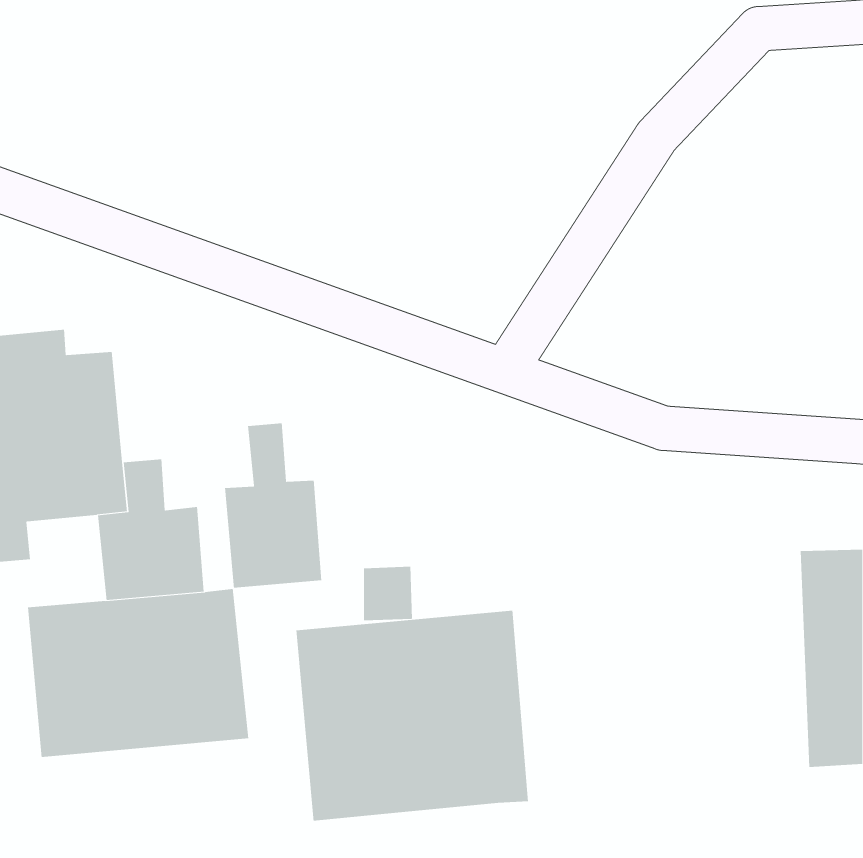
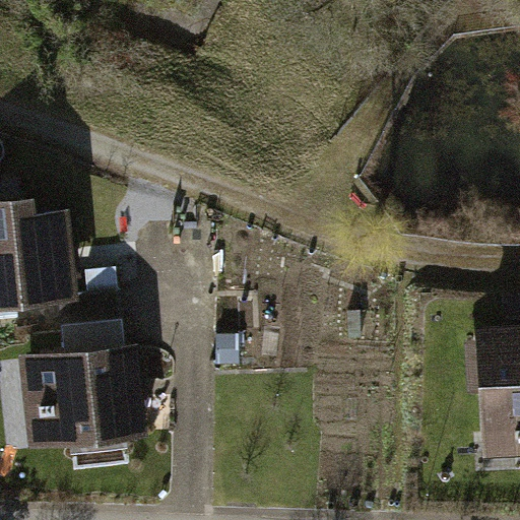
building: [224,423,322,588] -> none
building: [296,610,529,821] -> none

